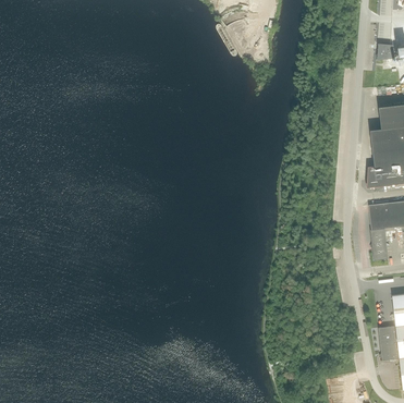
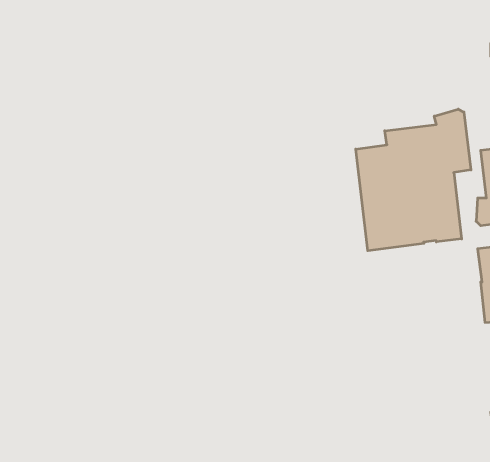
building: none -> [356,109,471,251]

